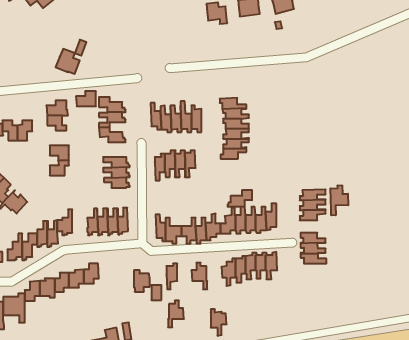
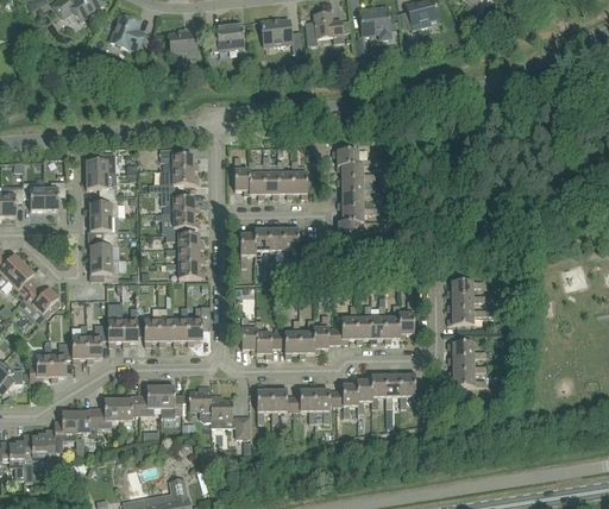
building: none -> [260,18,293,45]
building: none -> [216,21,245,50]
building: none -> [169,27,197,56]
building: [56,49,80,74] -> [111,14,145,50]
building: [76,91,96,106] -> [89,195,118,216]
building: none -> [162,212,200,233]
building: none -> [90,259,119,281]
building: [330,185,348,215] -> none
building: [228,190,252,207] -> none
building: none -> [123,307,144,345]
building: none -> [159,385,182,416]
building: none -> [189,387,212,421]
building: [168,301,184,327] -> [271,384,294,422]
building: [211,309,227,336] -> [314,384,337,422]

